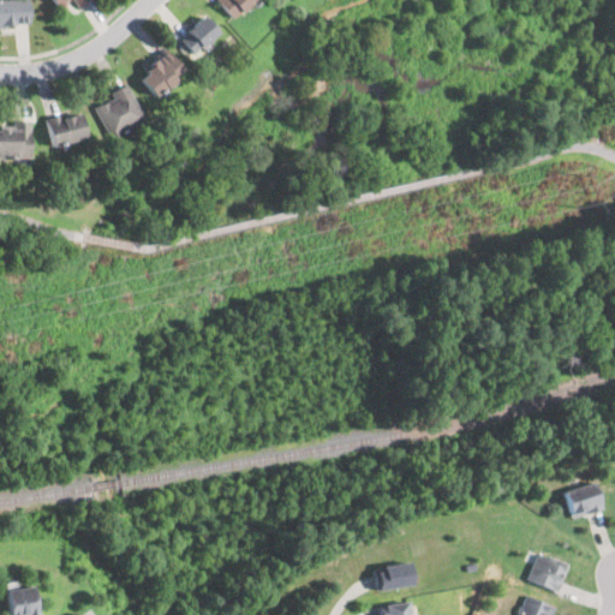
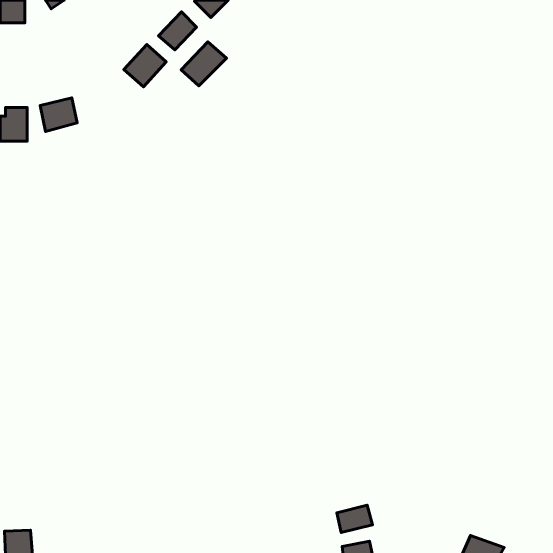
building: none -> [181,42,227,86]
building: [95,89,147,141] -> none
building: [563,482,603,519] -> none
building: [527,554,569,595] -> none

